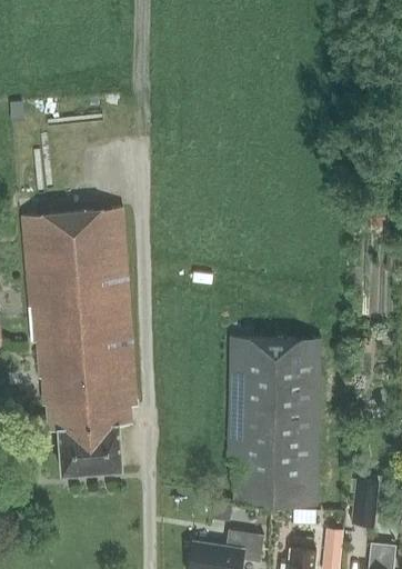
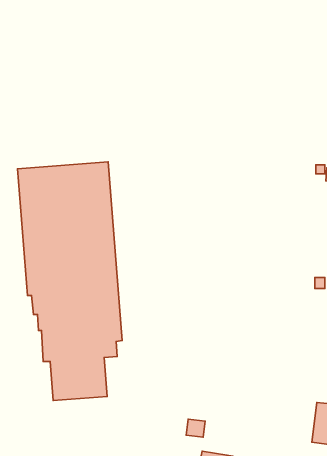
building: [228,338,320,507] -> none

